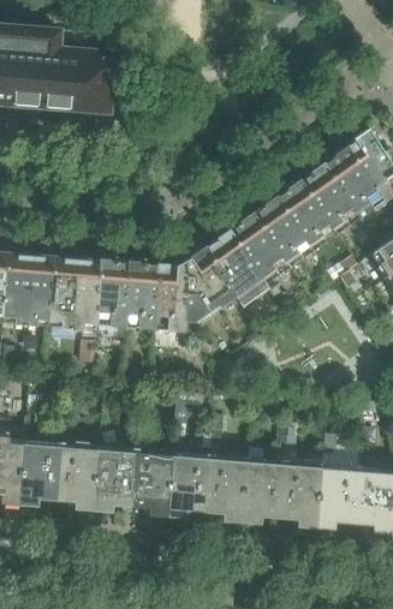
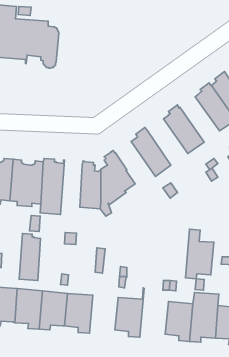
building: [302,161,361,232] -> none
building: [254,193,314,265] -> none
building: [207,227,266,299] -> none
building: [126,258,157,328] -> [19,234,40,281]
building: [243,448,285,521] -> [185,229,214,279]
building: [168,458,210,515] -> none

